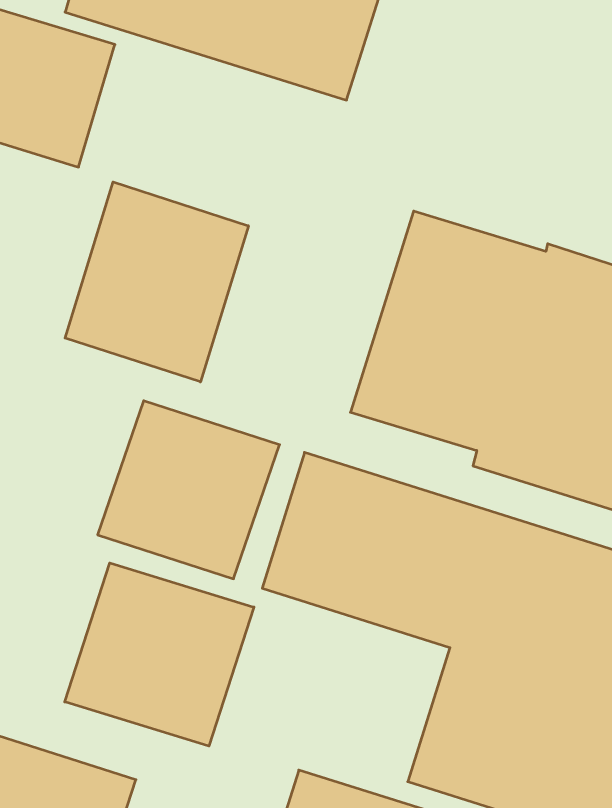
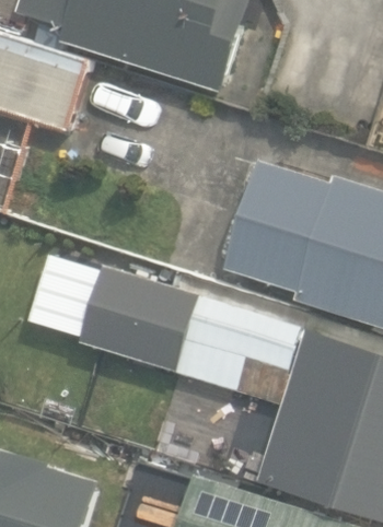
building: [65,182,248,382] -> none
building: [65,563,254,746] -> none

